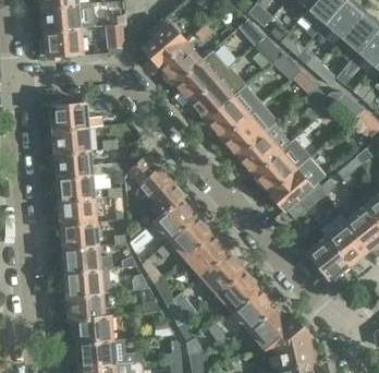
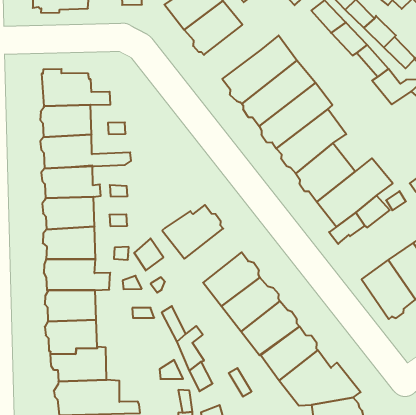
building: [174,50,229,101] -> none
building: [125,157,184,219] -> none
building: [158,217,212,260] -> none

